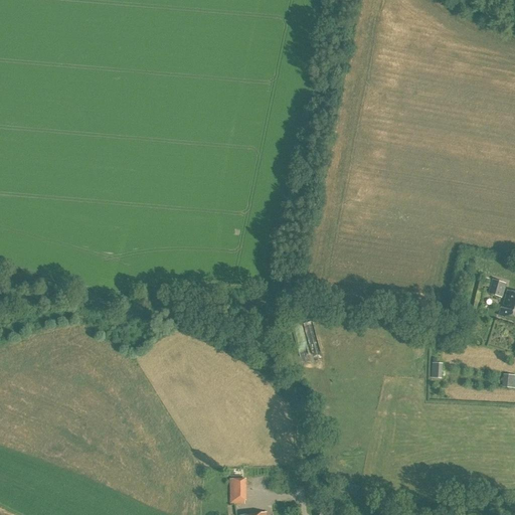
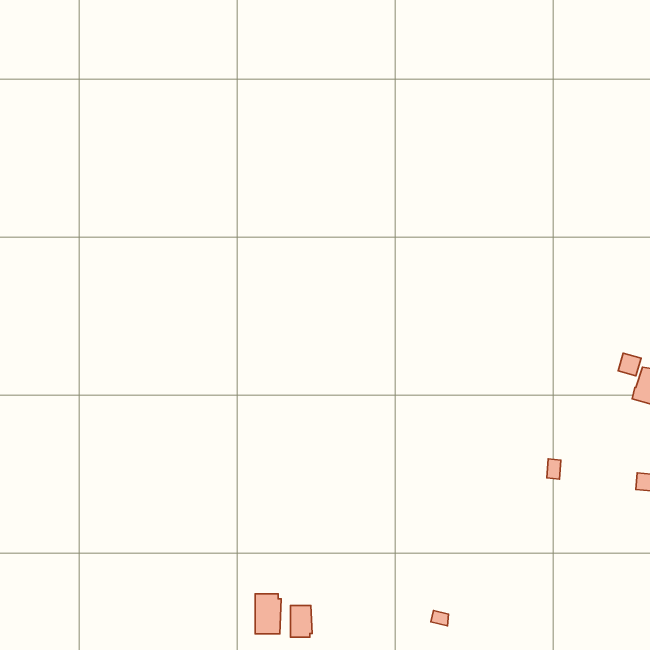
building: none -> [255,594,281,634]

